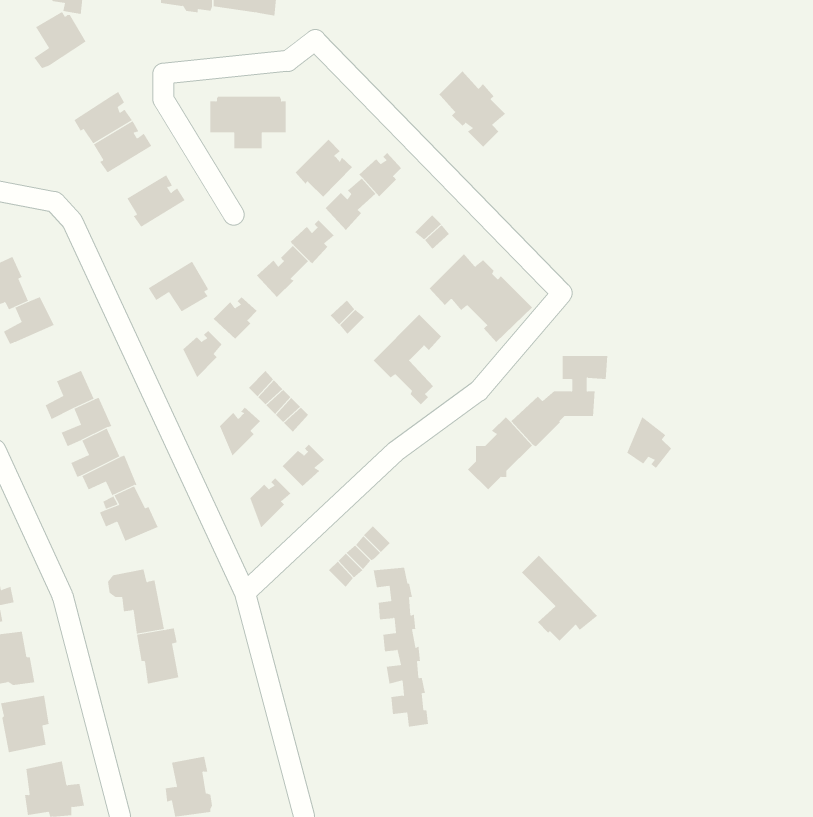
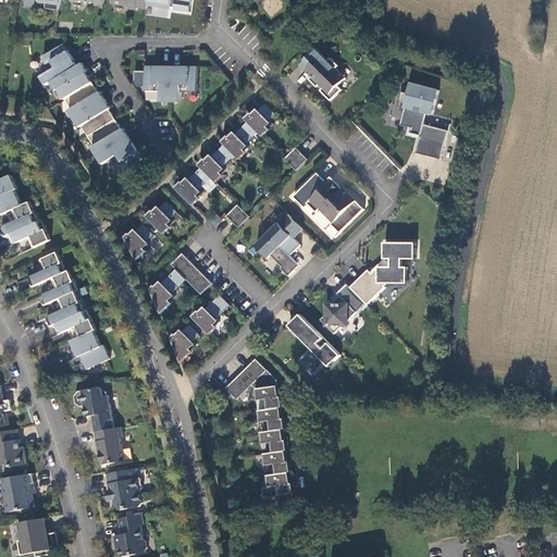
building: [34,11,86,69] -> [39,45,75,84]
building: none -> [396,83,446,159]
building: [295,139,353,197] -> none
building: none -> [73,99,113,135]
building: [148,261,209,312] -> [96,136,137,171]
building: none -> [10,220,48,247]
building: [627,416,672,469] -> none
building: [521,555,598,641] -> [286,313,338,372]
building: none -> [106,468,140,509]

